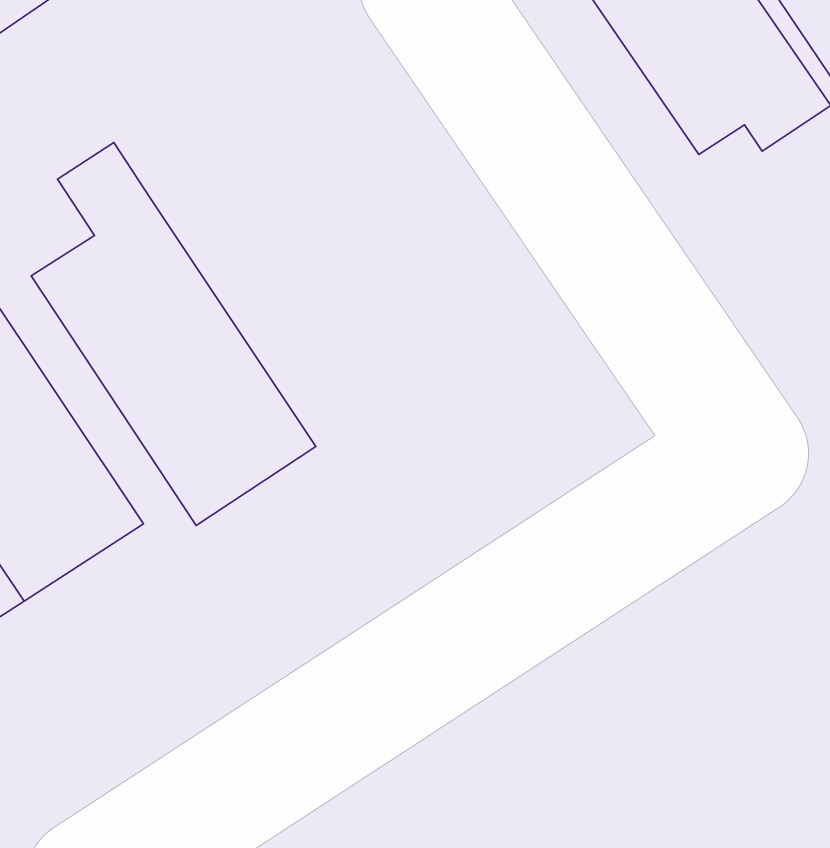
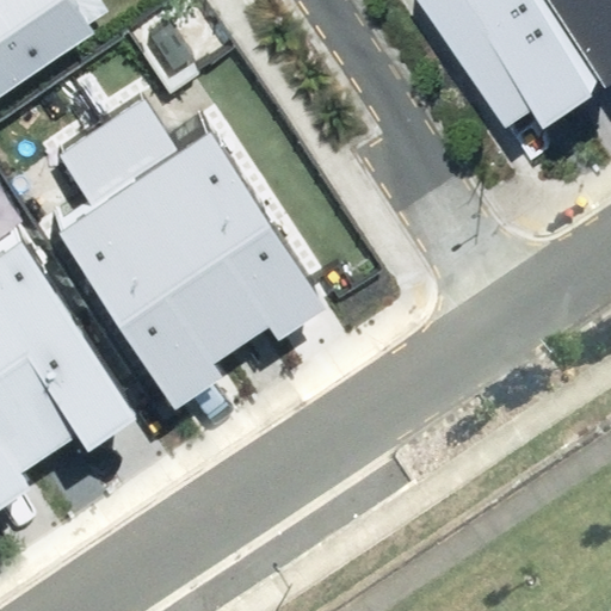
building: none -> [104,97,321,334]

